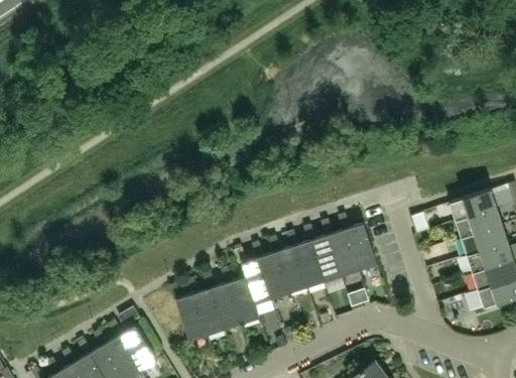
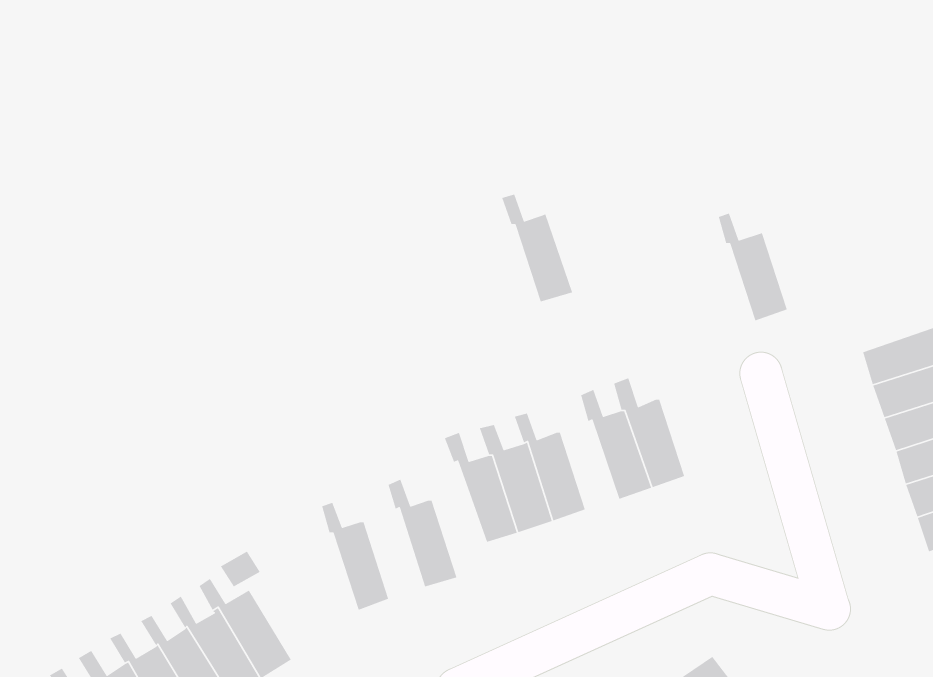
building: [340,215,376,271] -> [718,213,788,322]
building: [287,232,325,288] -> [501,194,573,303]
building: [221,267,259,324] -> none
building: [185,278,224,335] -> none

